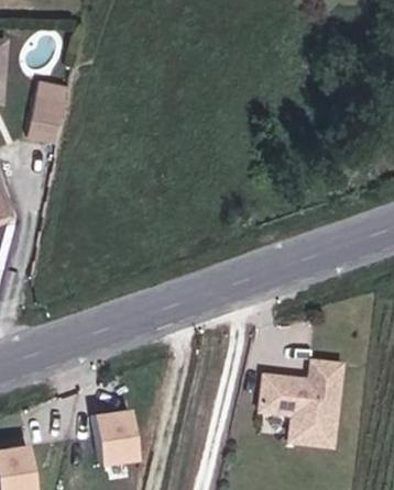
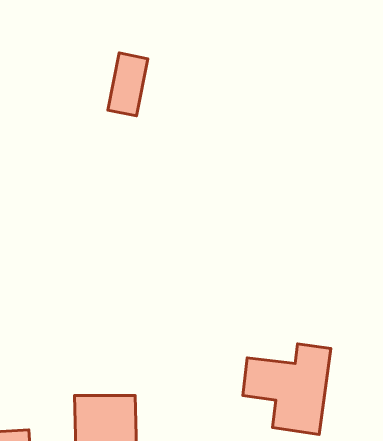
building: [28,81,66,142] -> [108,53,148,116]

